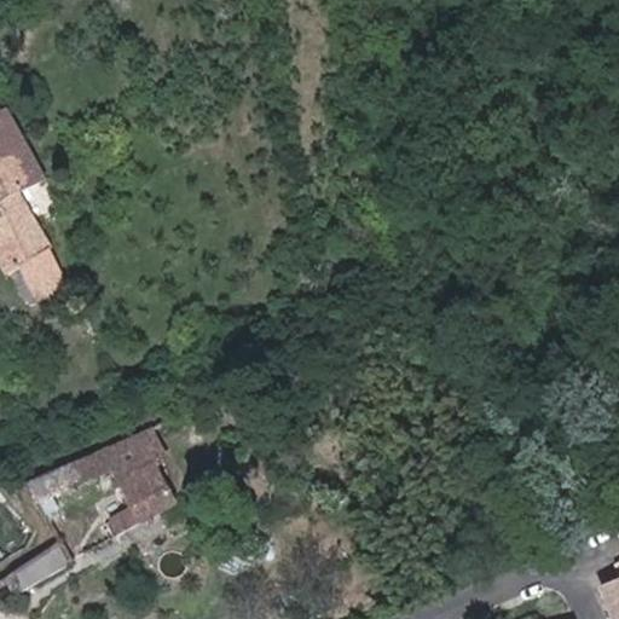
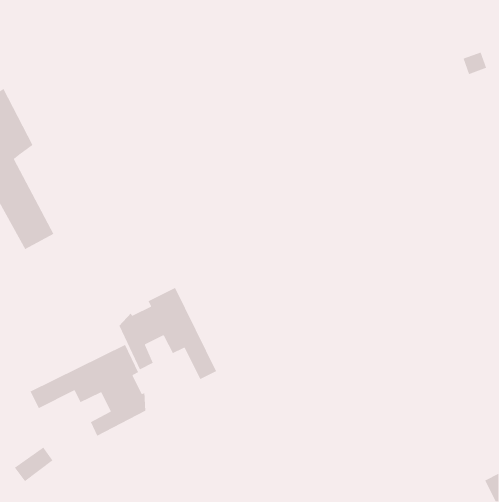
building: none -> [119,287,217,380]

